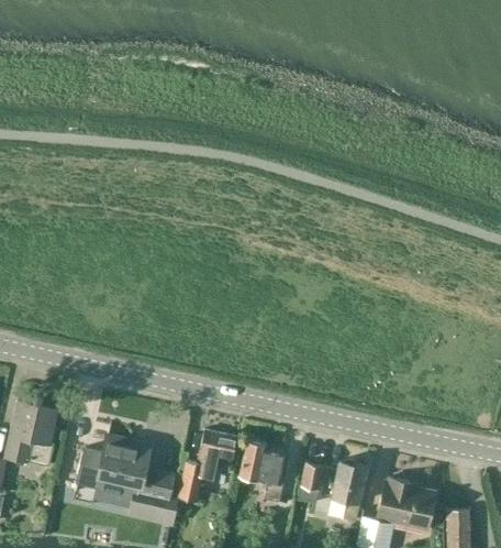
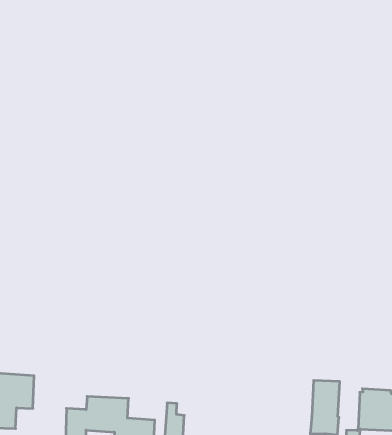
building: [196,431,237,479] -> none
building: [240,441,286,502] -> none
building: [299,463,324,506] -> none

